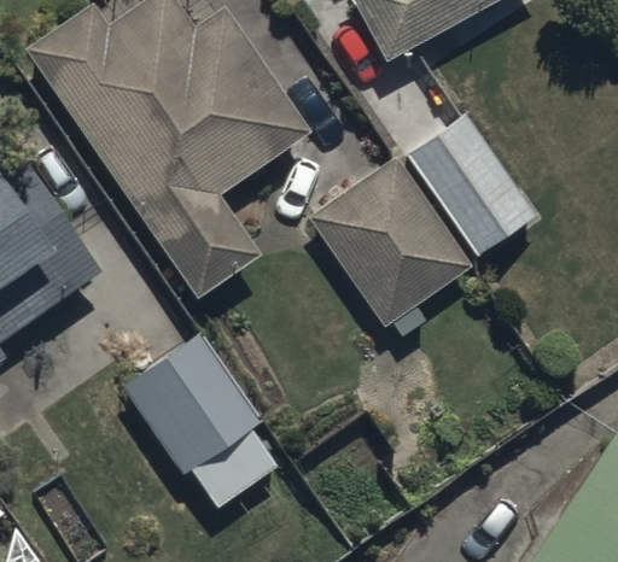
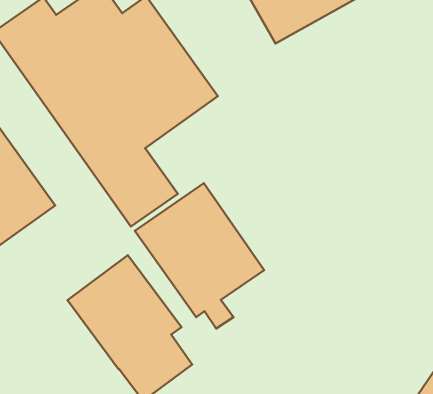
building: [407,117,534,253] -> none
building: [308,158,471,341] -> [135,183,264,329]

